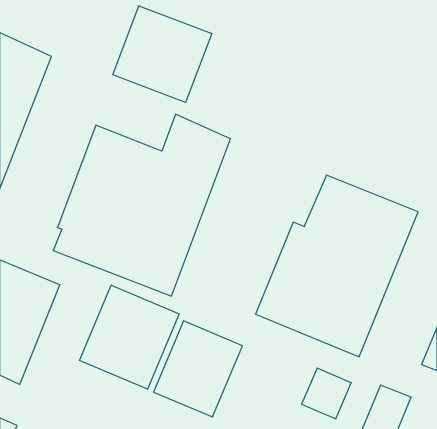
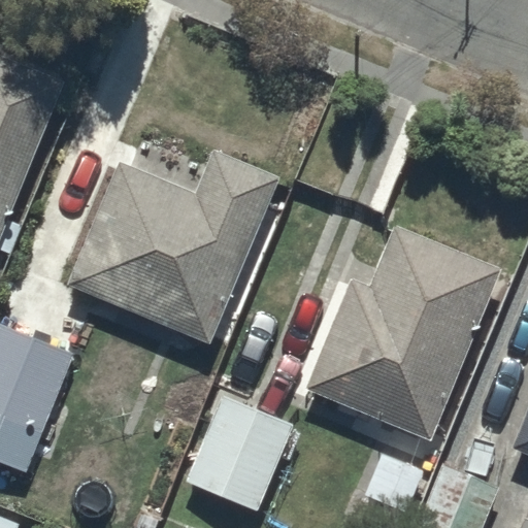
building: [113,6,212,102] -> none
building: [80,285,179,389] -> none

